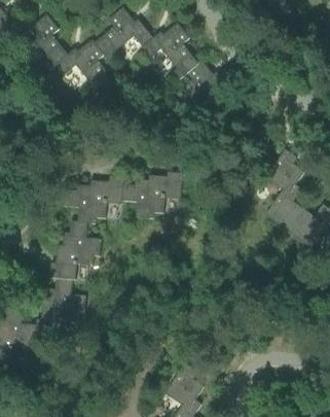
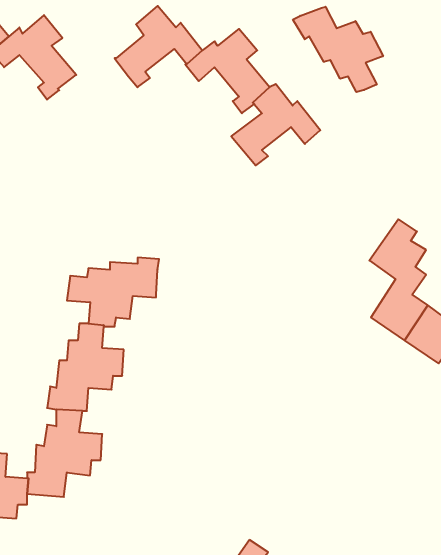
building: none -> [293,7,383,92]
building: [56,39,113,95] -> none
building: [121,172,182,218] -> none

